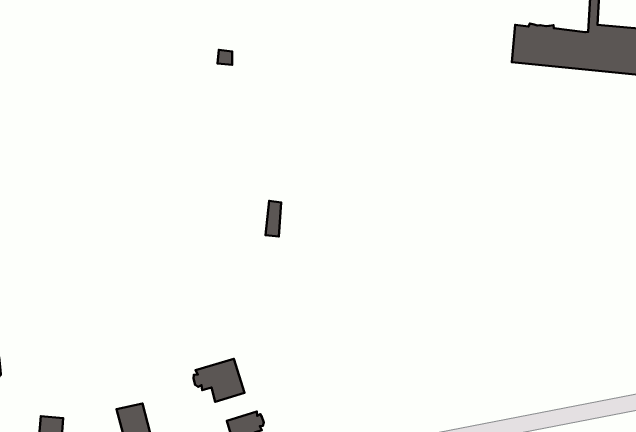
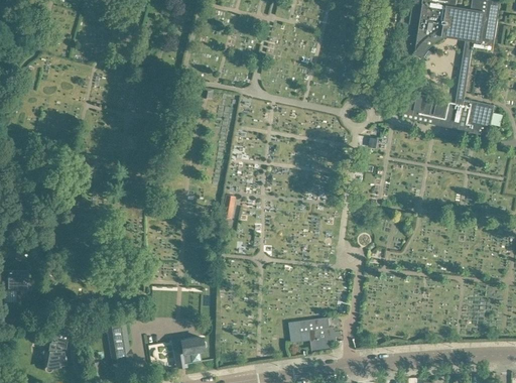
building: [194,359,244,402] -> none
building: none -> [288,316,342,350]

